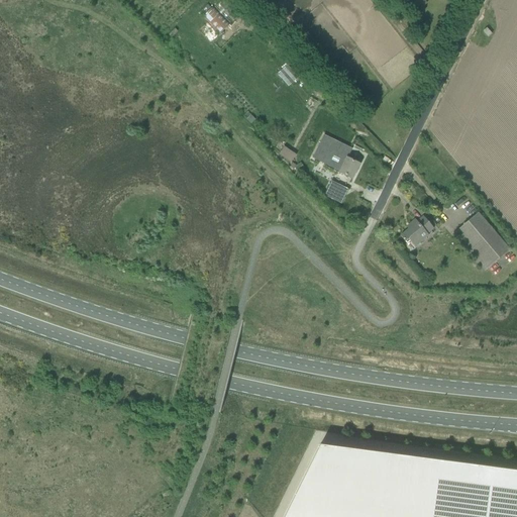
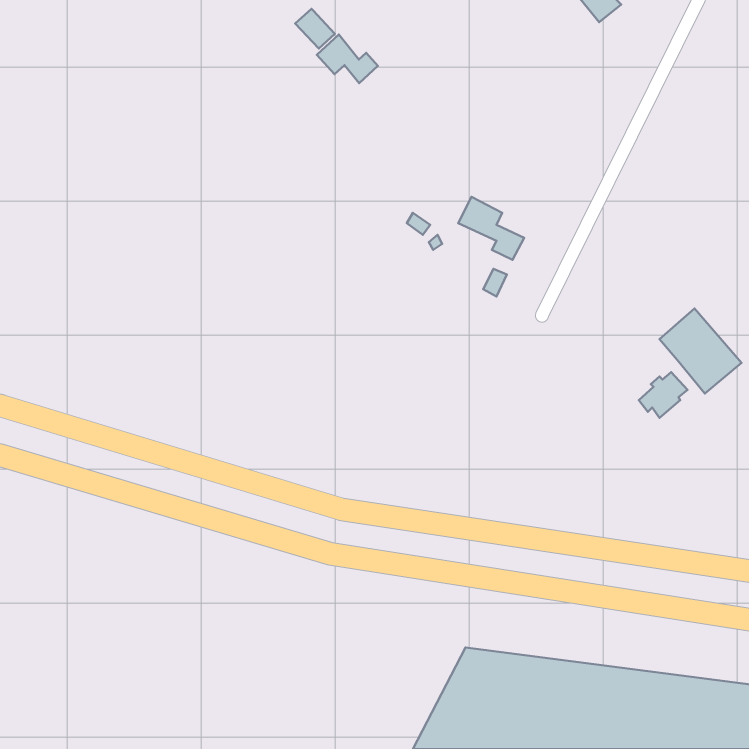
building: none -> [317,35,378,83]
building: [402,216,435,247] -> [639,372,687,418]

